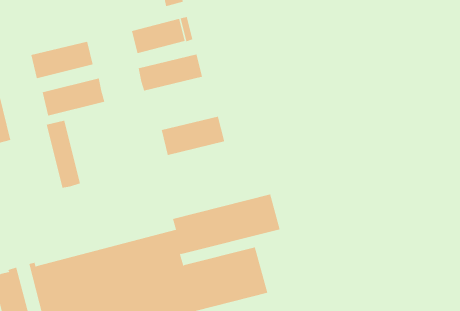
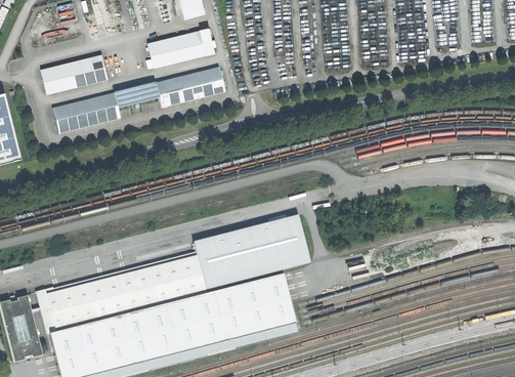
building: none -> [115,82,159,107]
building: [161,116,225,156] -> none
building: [46,120,81,188] -> none

